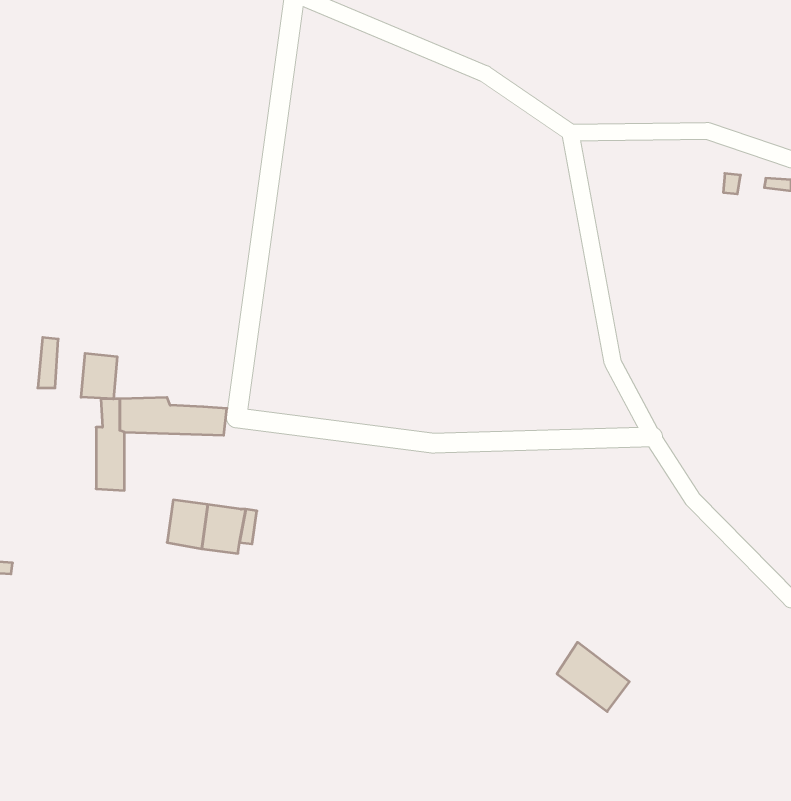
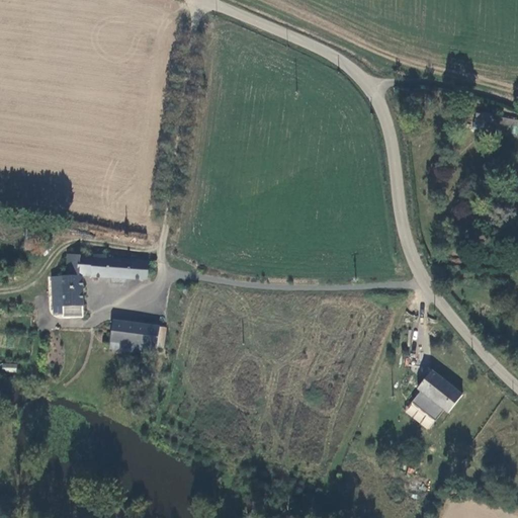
building: [81,353,117,399] -> none
building: [557,642,629,712] -> [413,373,459,418]

